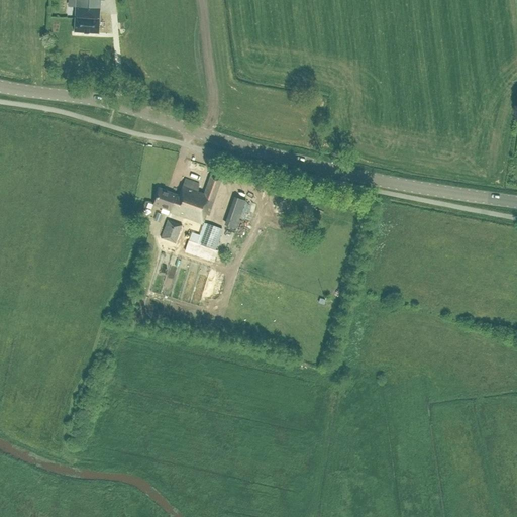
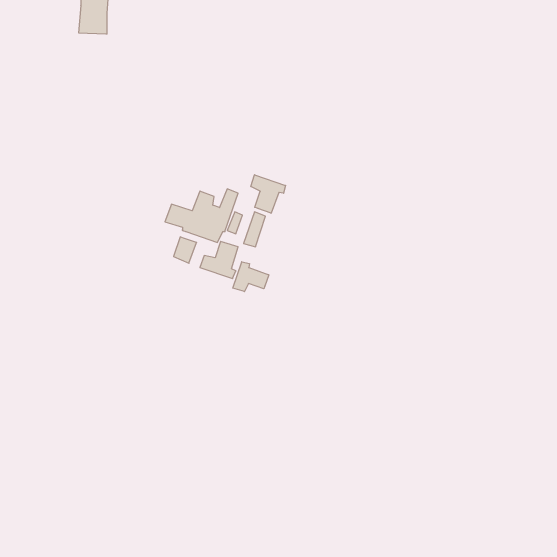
building: none -> [251,175,286,213]
building: none -> [233,262,269,292]

